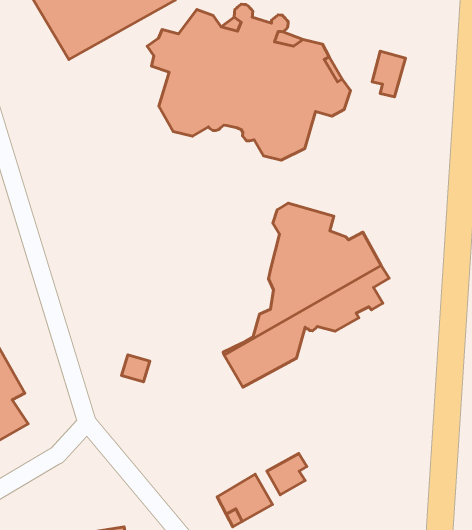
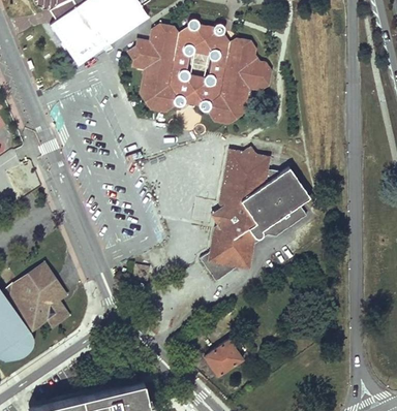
building: [372,51,405,97] -> none
building: none -> [210,166,232,250]
building: [267,454,307,495] -> none

